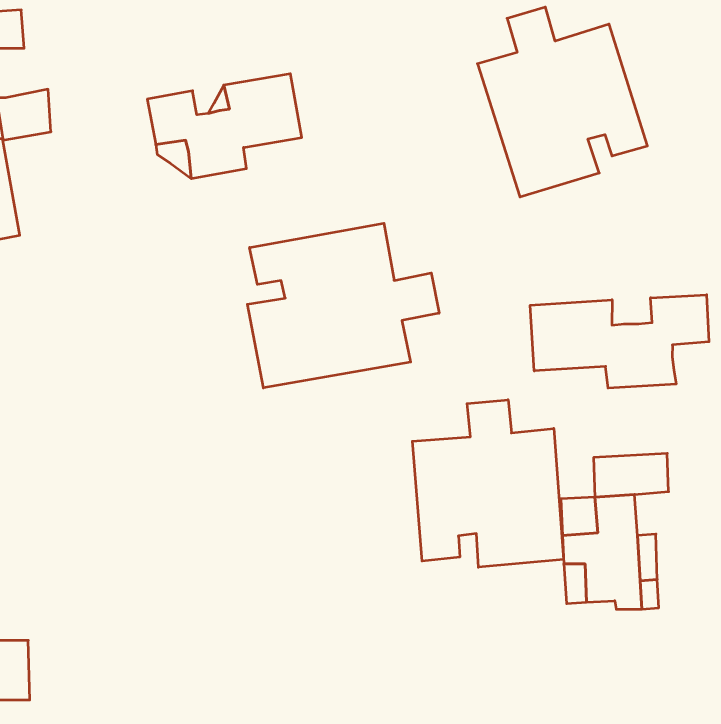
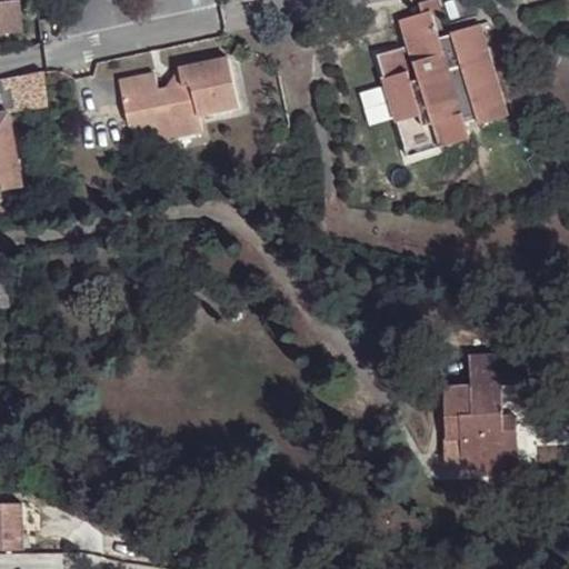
building: [247,223,439,388] -> none
building: [530,295,709,388] -> none
building: [412,400,564,567] -> none

